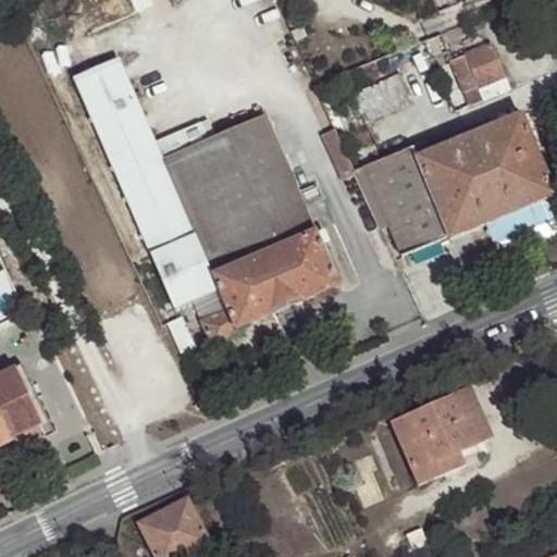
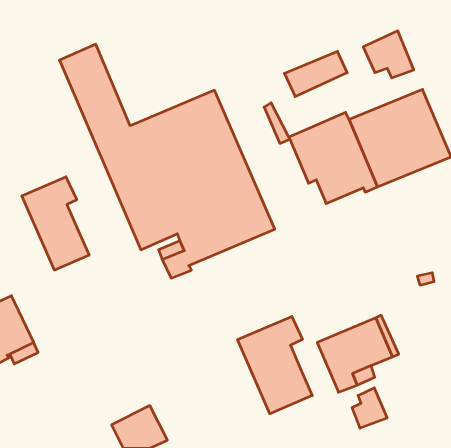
building: none -> [22,177,89,270]
building: none -> [238,316,312,414]
building: none -> [352,388,387,428]

